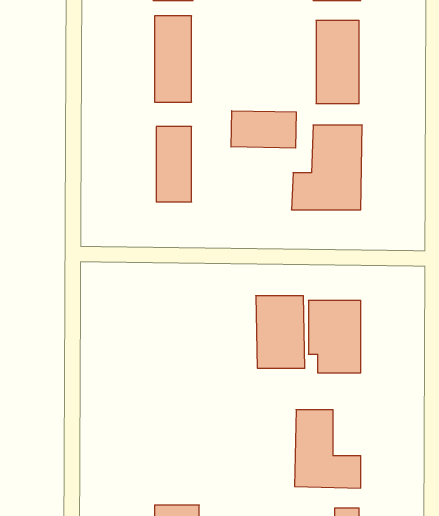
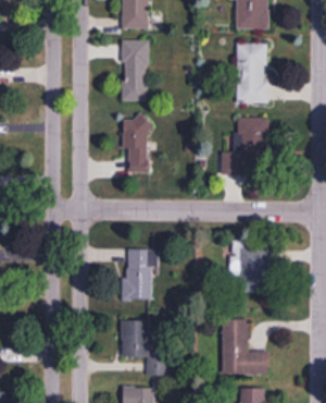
building: [231,111,296,148] -> none
building: [256,296,305,368] -> [121,248,155,300]
building: none -> [118,320,166,374]

